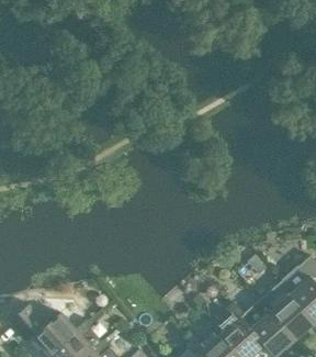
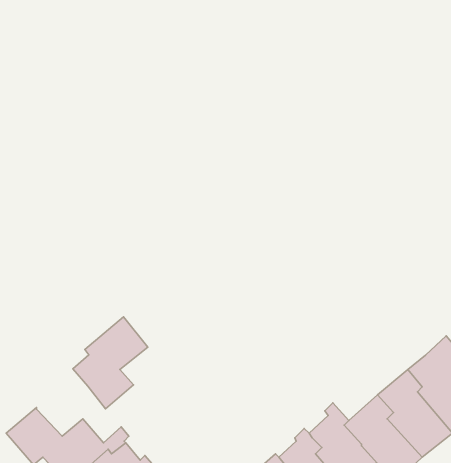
building: none -> [73,317,148,409]

